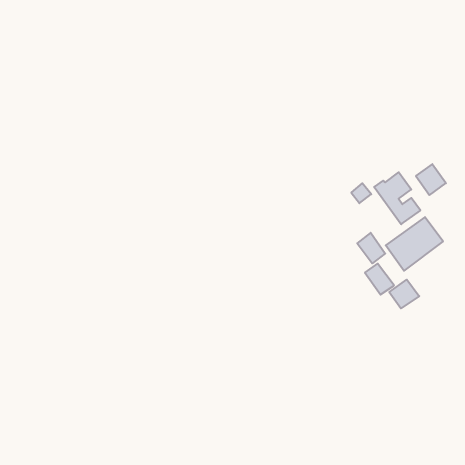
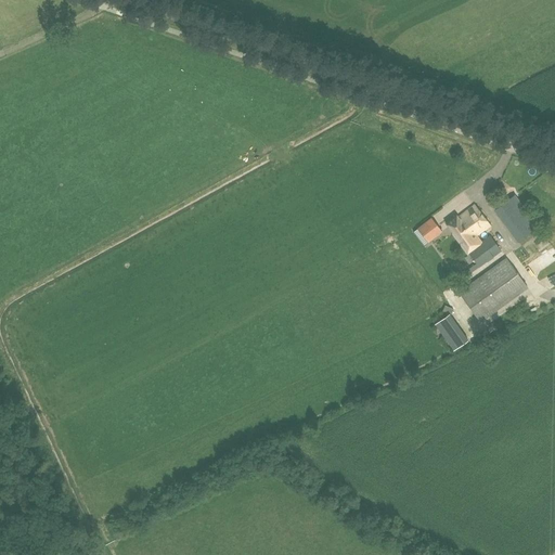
building: [357,233,385,263] -> none
building: [389,280,419,308] -> none

